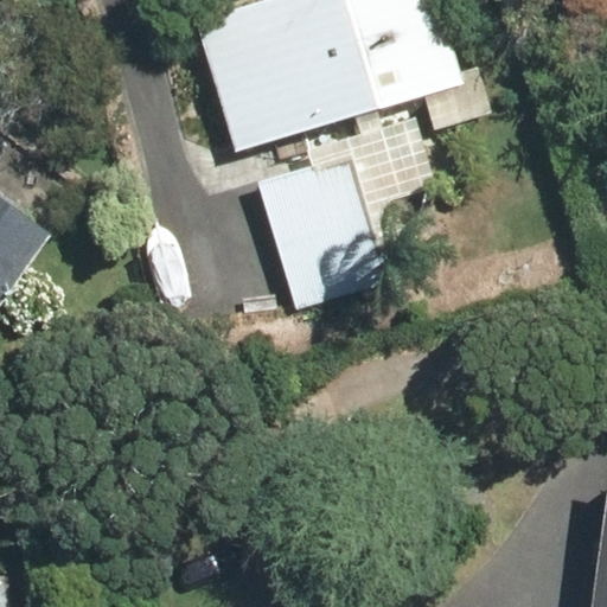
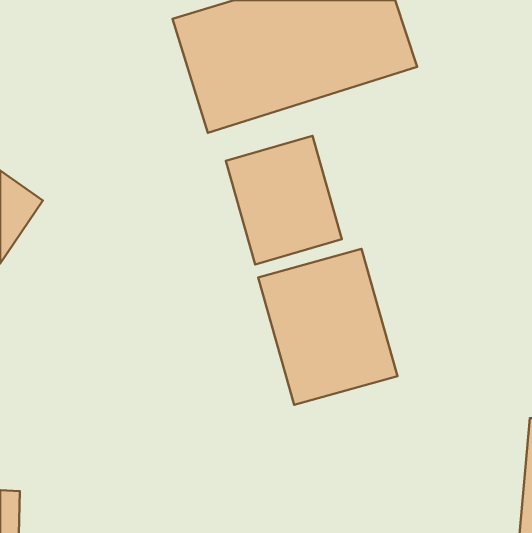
building: none -> [258,249,397,405]

